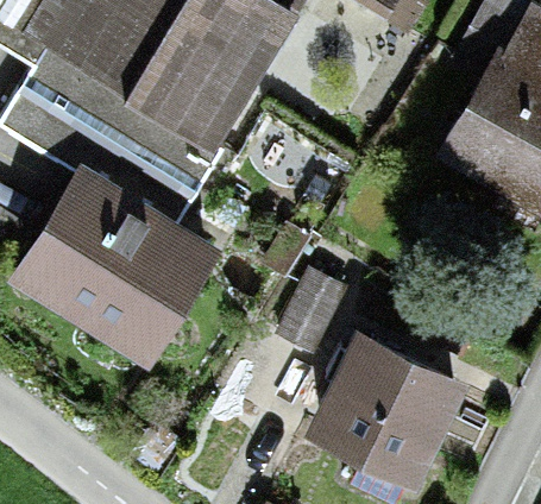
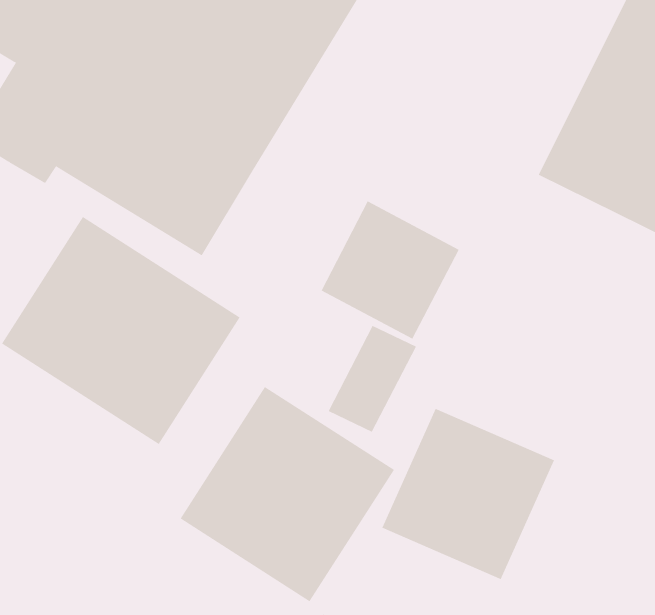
building: none -> [321,201,459,340]
building: none -> [180,386,395,602]

